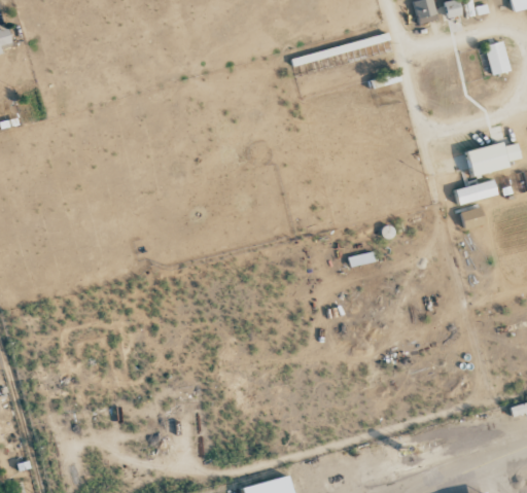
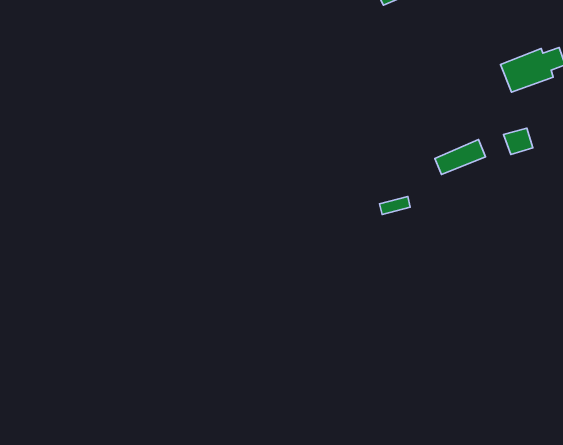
building: [455,179,498,205] -> [435,140,486,175]

